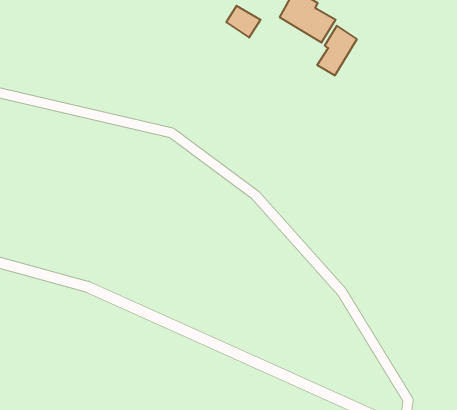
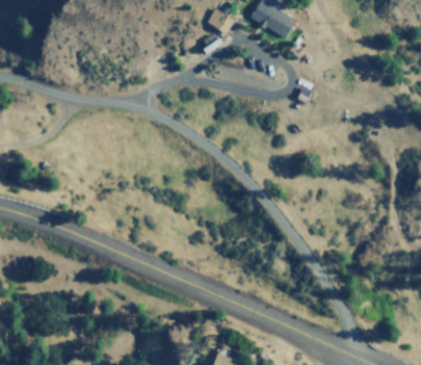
building: [317,26,357,76] -> none

